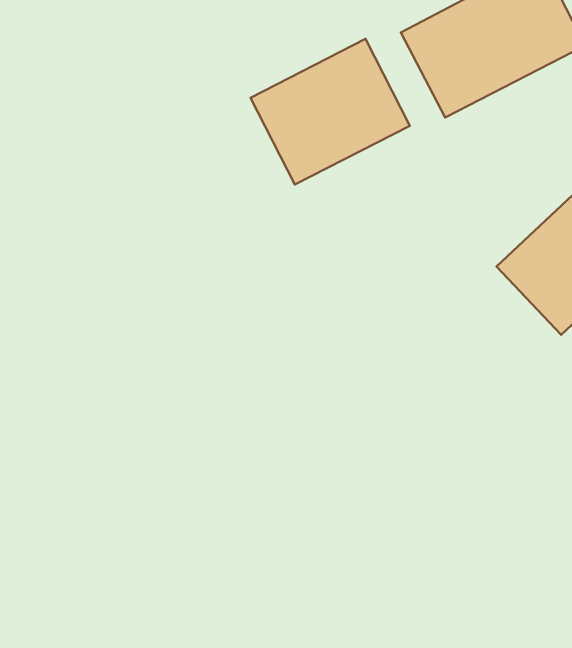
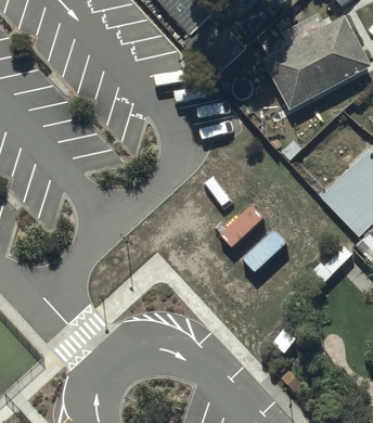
building: [251,39,410,185] -> none

